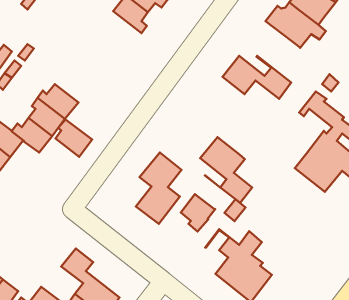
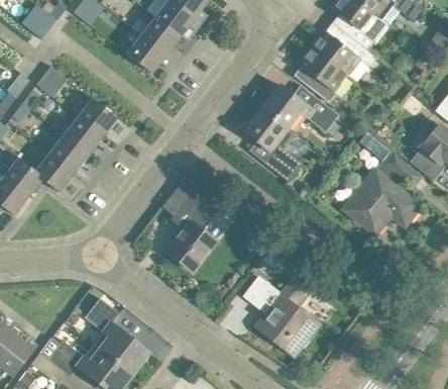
building: none -> [126,35,173,73]
building: none -> [297,46,347,102]
building: [56,119,92,157] -> [77,95,117,136]
building: [200,137,252,203] -> [243,108,301,181]
building: [181,194,215,231] -> none

